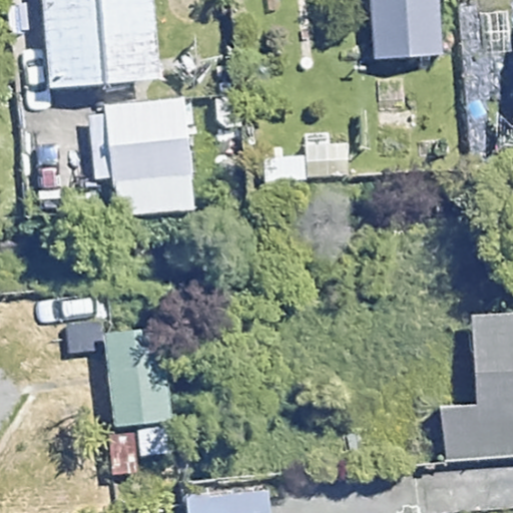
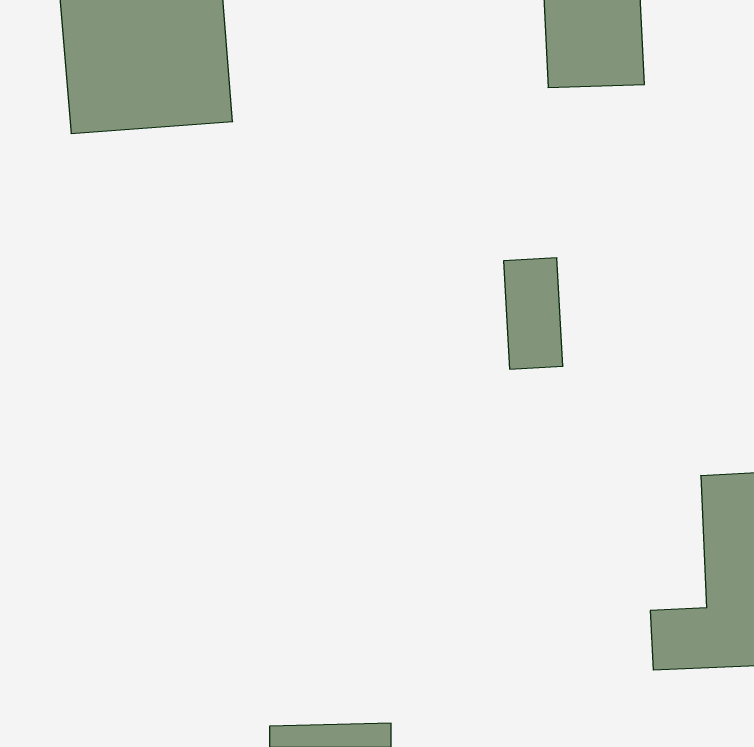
building: [104,98,190,185] -> none
building: [104,337,165,439] -> none

